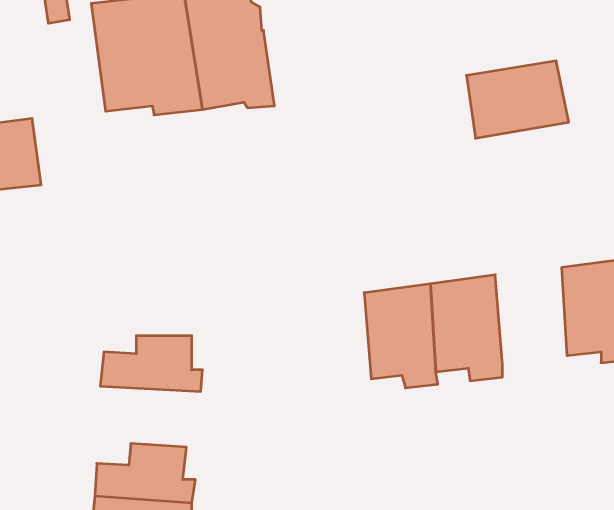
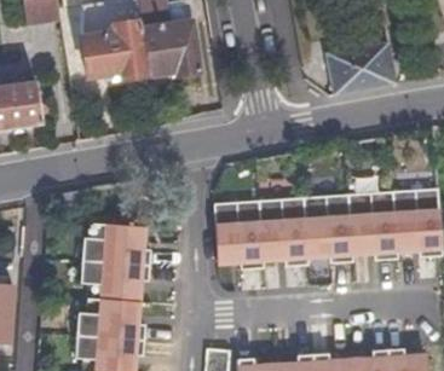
building: none -> [347,182,397,253]
building: none -> [215,199,264,268]
building: none -> [80,262,149,303]

